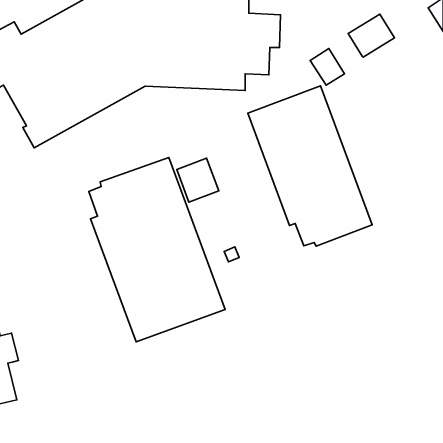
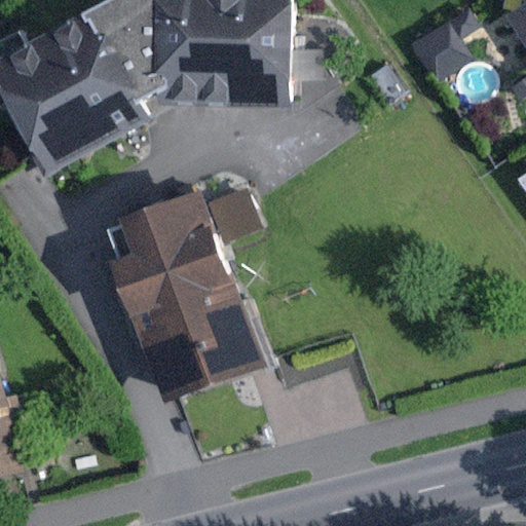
building: [248,86,372,246] -> none

